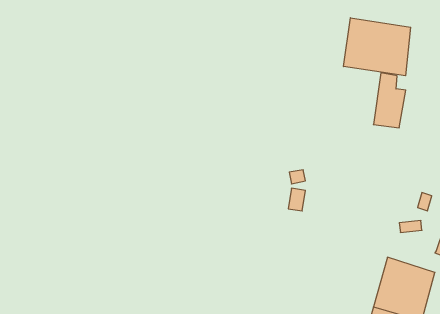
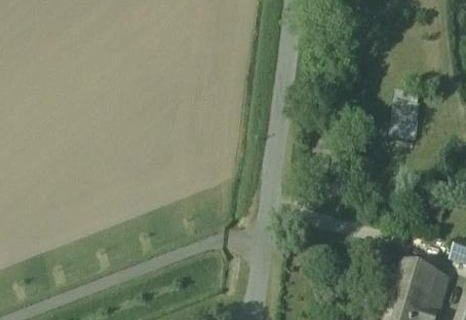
building: [344,18,411,76] -> none

